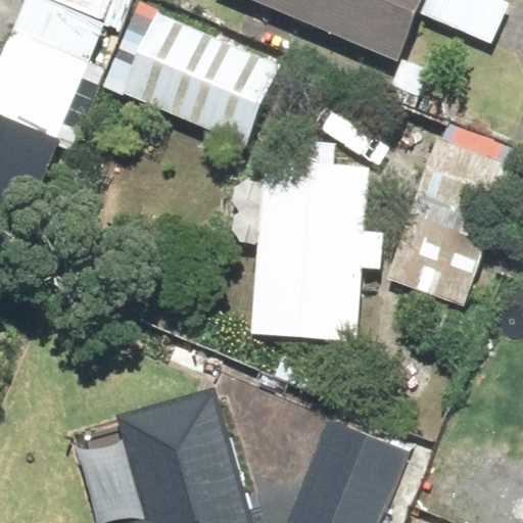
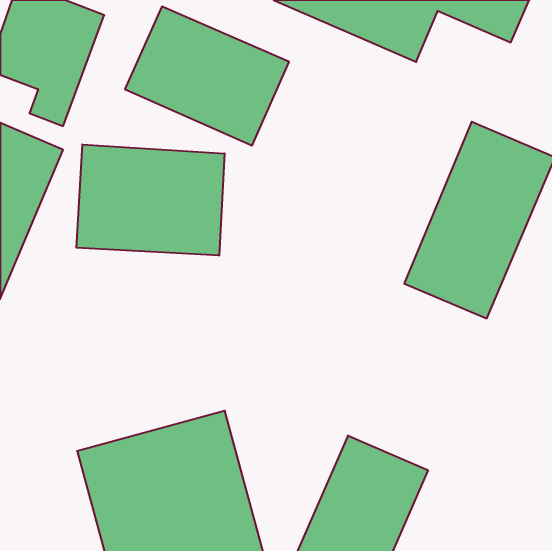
building: [265,139,380,340] -> none
building: none -> [76,144,225,256]

